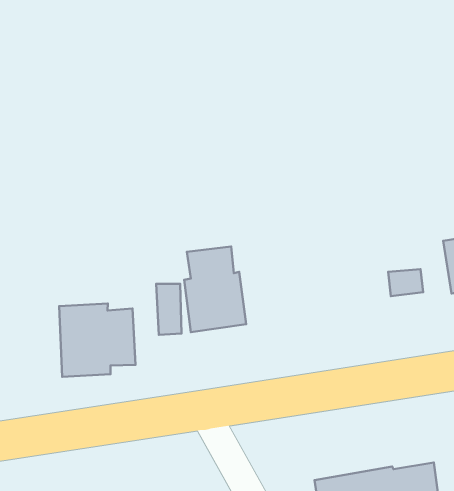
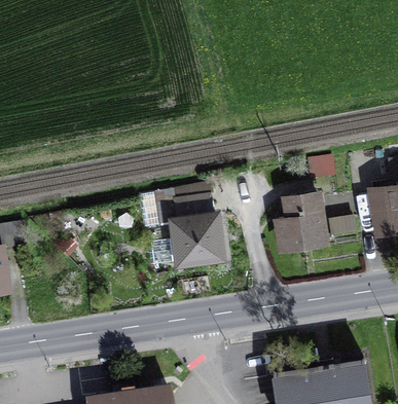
building: none -> [279,191,324,243]
building: [59,304,136,377] -> none

